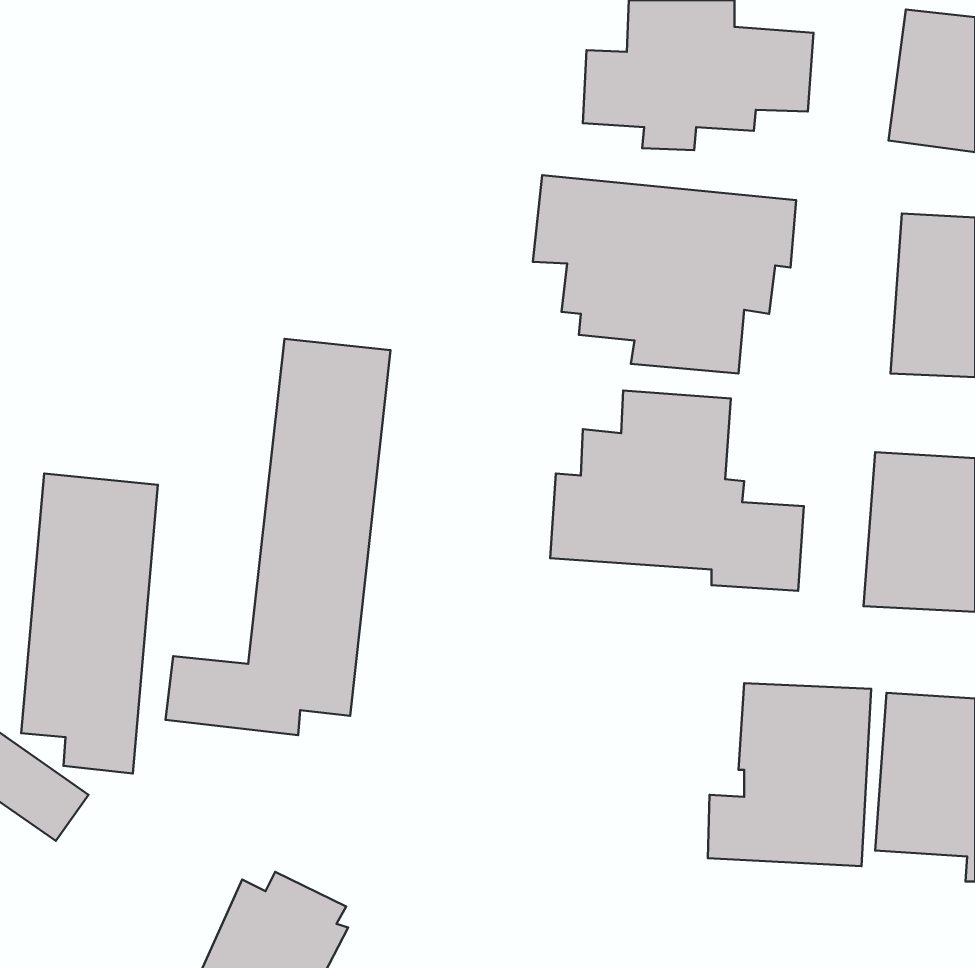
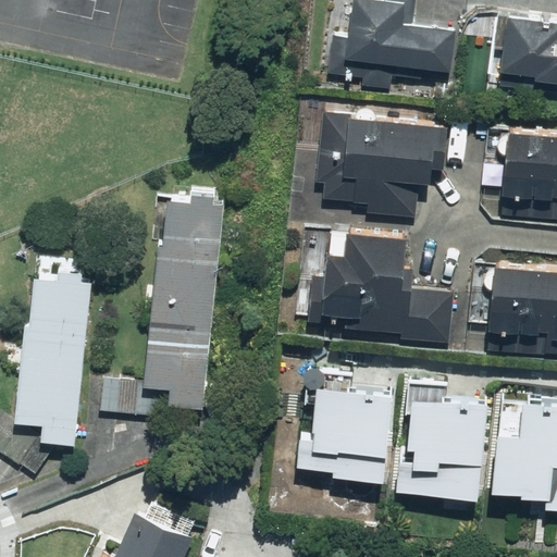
building: none -> [297,385,399,478]

